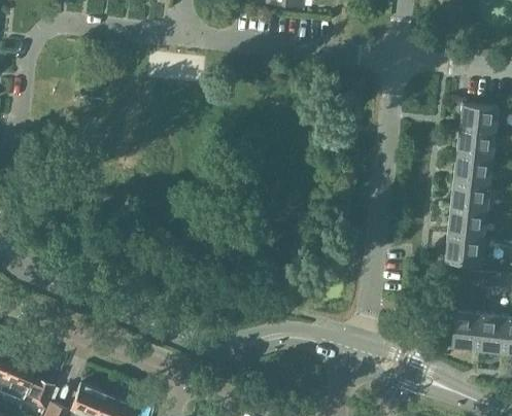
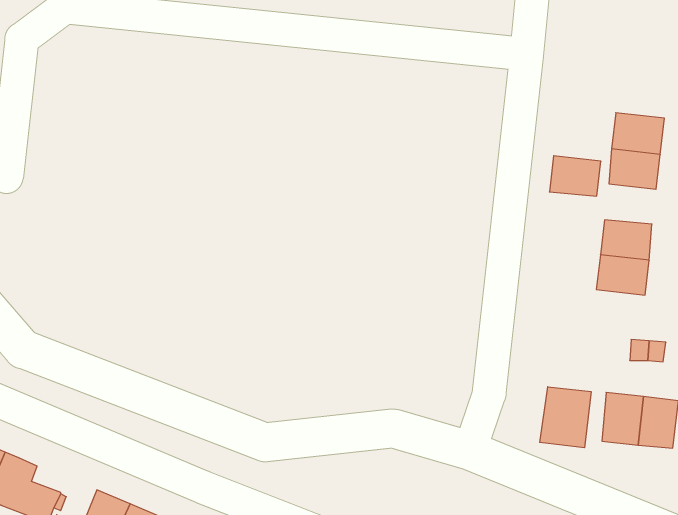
building: [456,158,494,187] -> [549,156,601,196]
building: [447,236,486,267] -> none
building: none -> [540,387,591,448]

